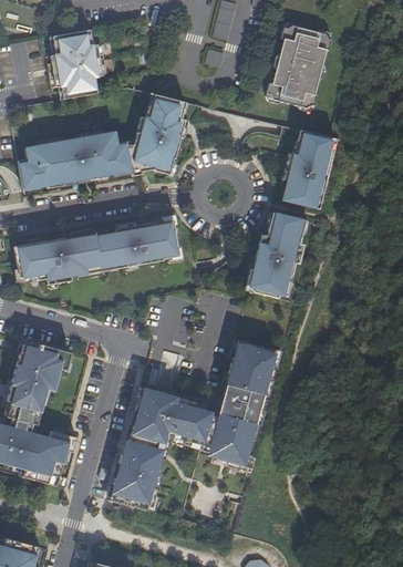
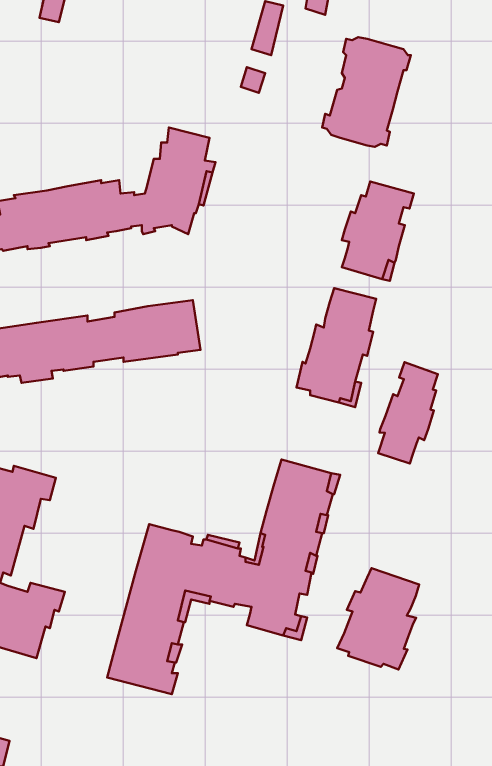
building: [51,29,103,99] -> none
building: none -> [378,362,438,464]
building: none -> [337,568,419,669]

